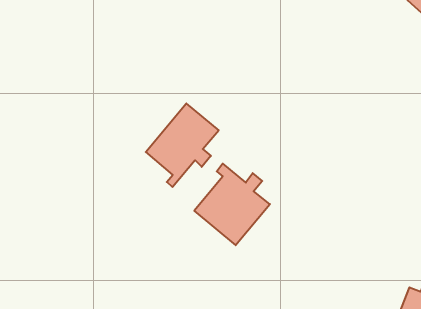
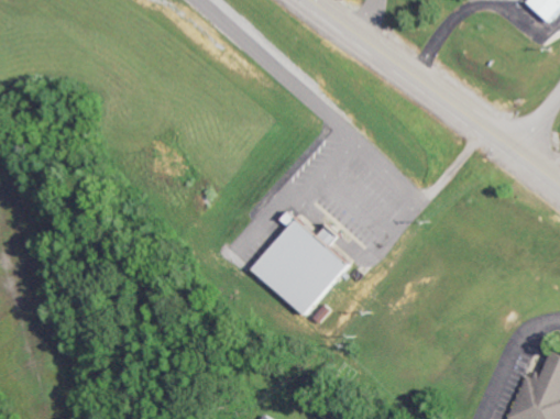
building: [146,103,219,187] -> none

